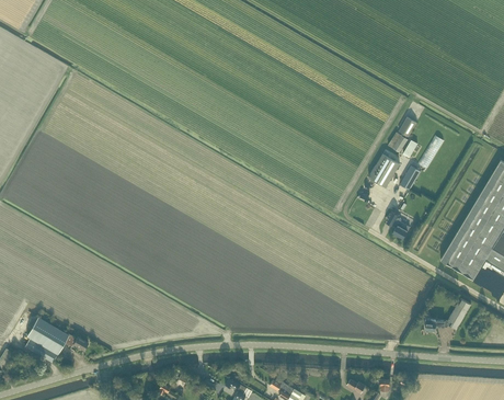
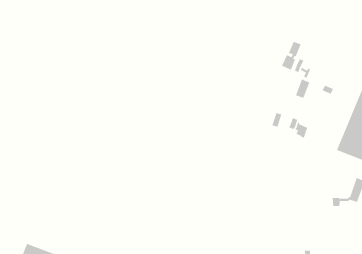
building: [369,153,400,187] -> none

